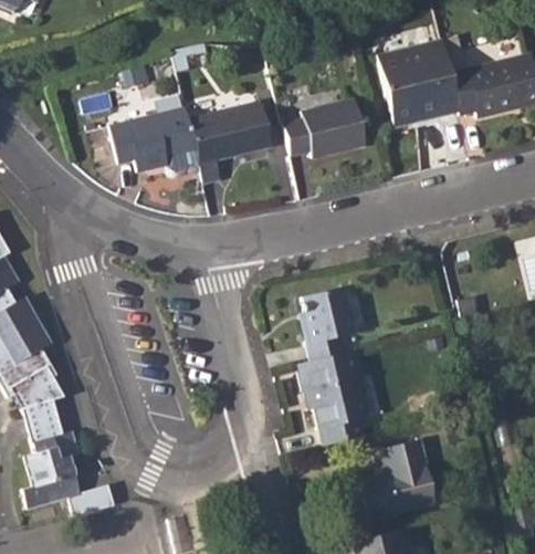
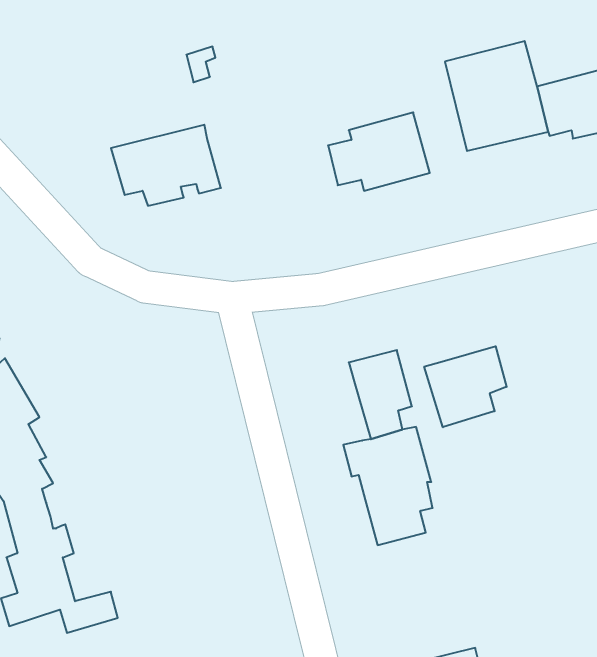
building: [187,100,272,187] -> none
building: none -> [424,346,507,427]
building: [356,439,432,518] -> none

